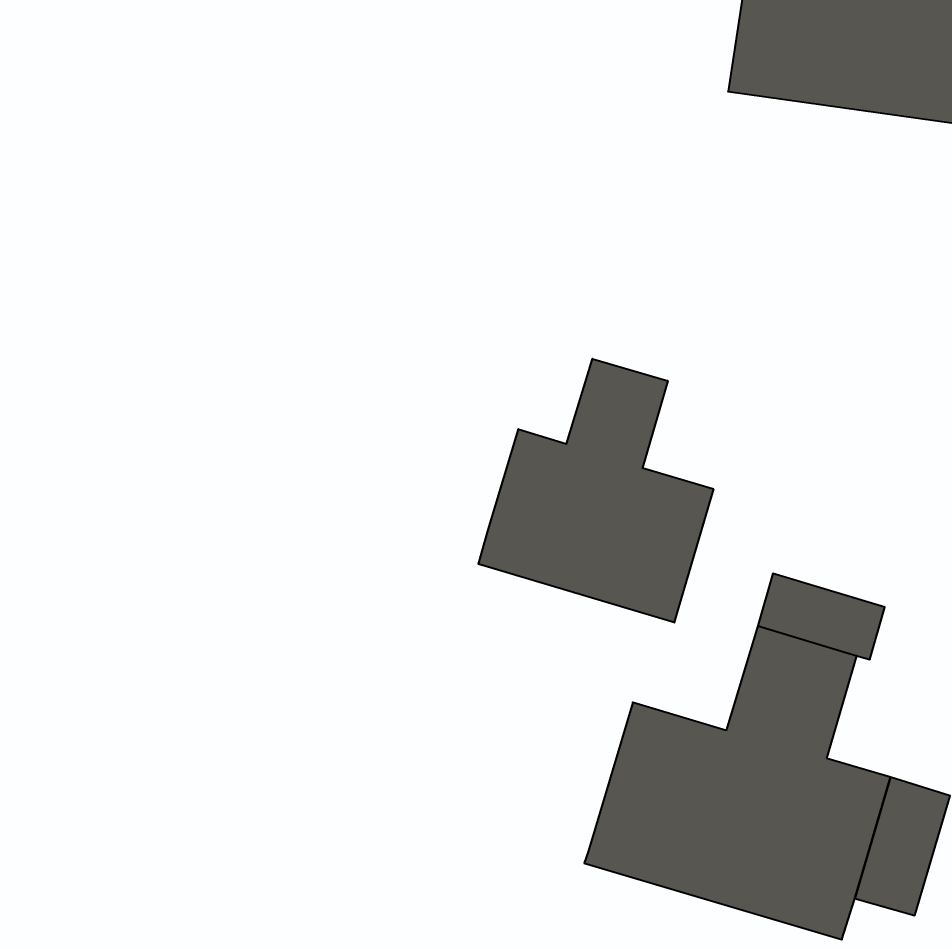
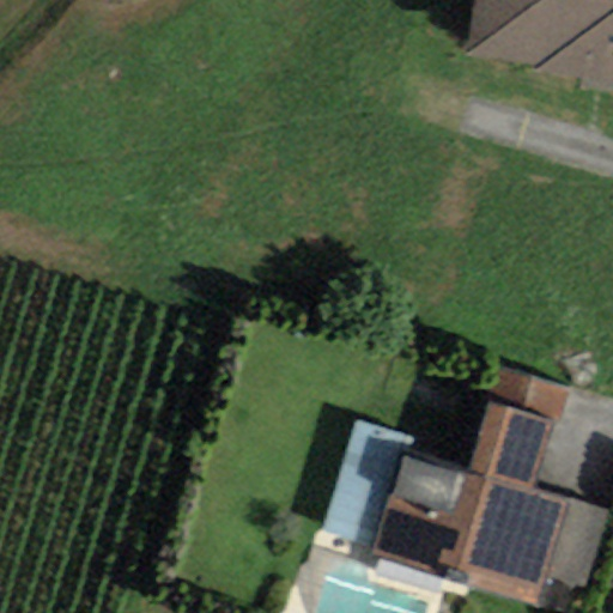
building: [478,359,713,623] -> none
building: none -> [322,417,412,546]

